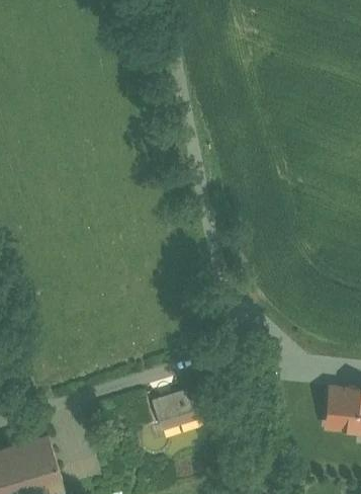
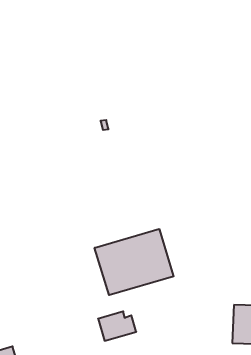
building: none -> [95,229,174,295]

